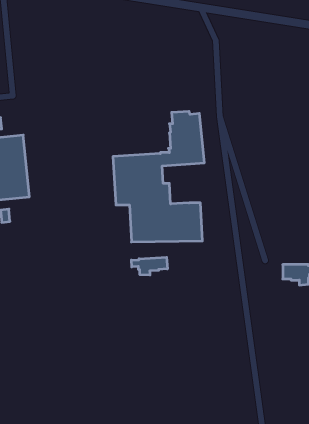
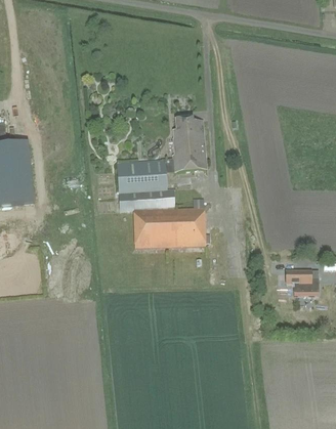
building: [131,257,167,275] -> none

